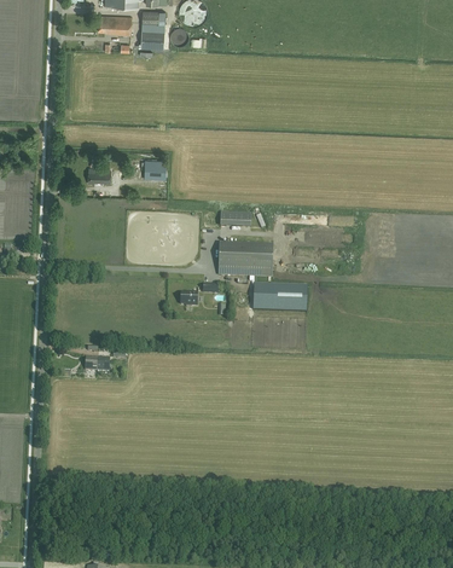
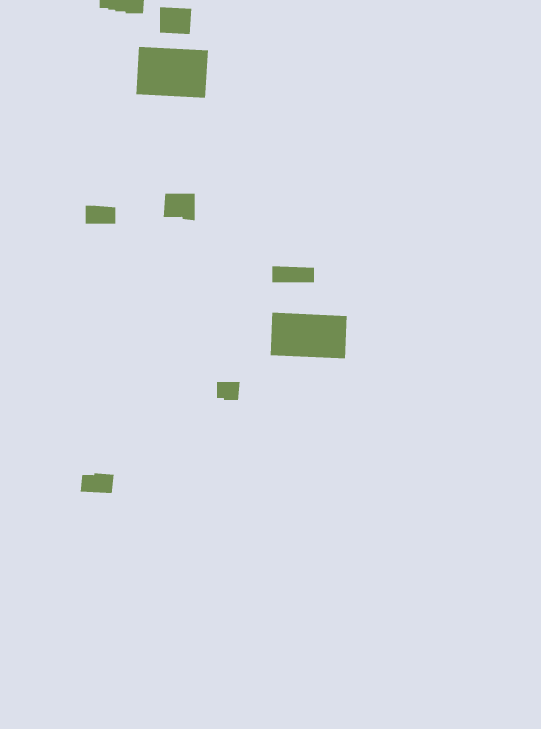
building: none -> [136,46,208,98]
building: [252,283,307,311] -> none

